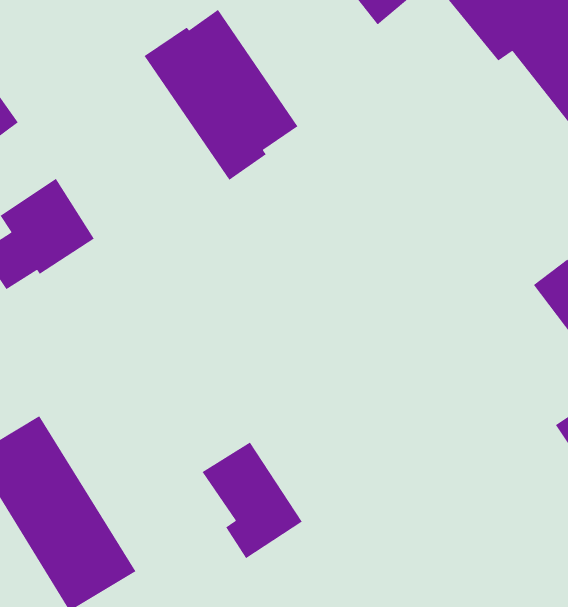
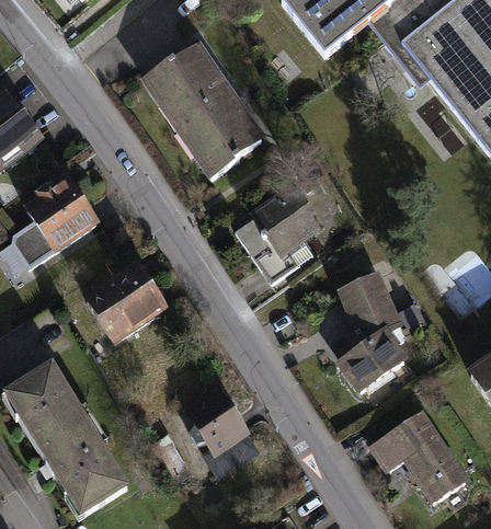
building: none -> [235,182,326,281]
building: none -> [84,261,172,345]
building: none -> [335,271,408,393]
building: none -> [368,410,469,504]

